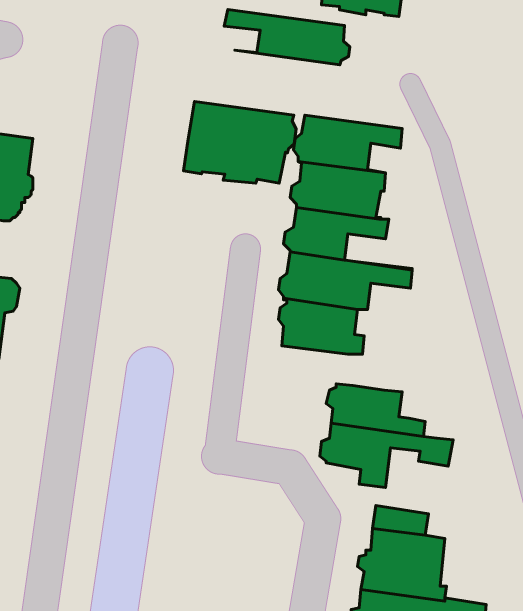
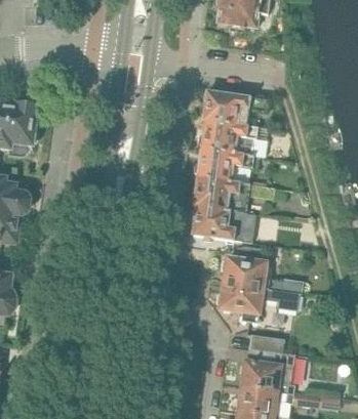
building: [224,10,350,65] -> none
building: [184,102,296,183] -> none

